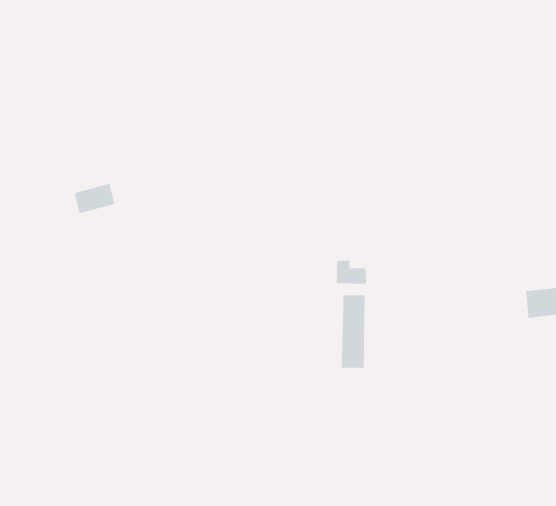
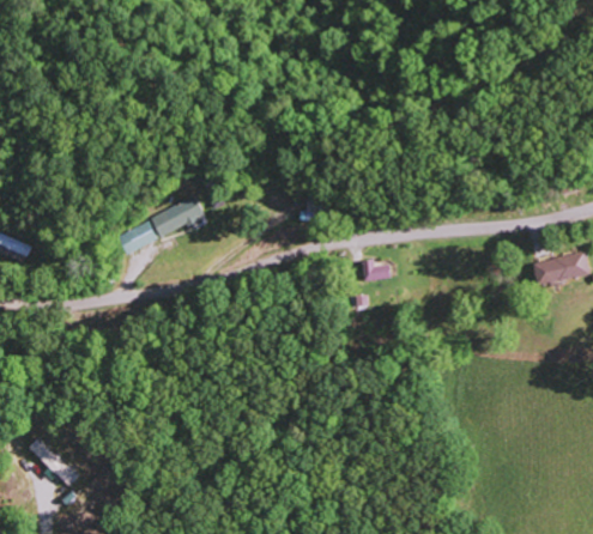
building: none -> [151,196,204,236]
building: [341,294,365,368] -> none

